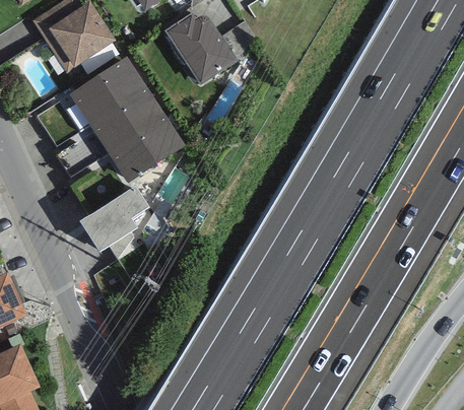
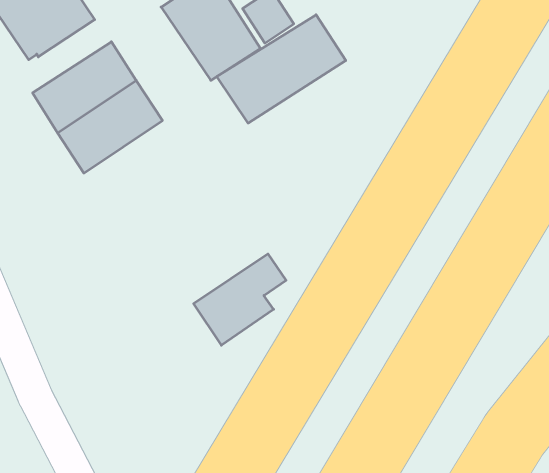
building: none -> [217,15,346,123]
building: [107,114,185,182] -> none
building: [79,186,147,253] -> [194,254,286,345]

